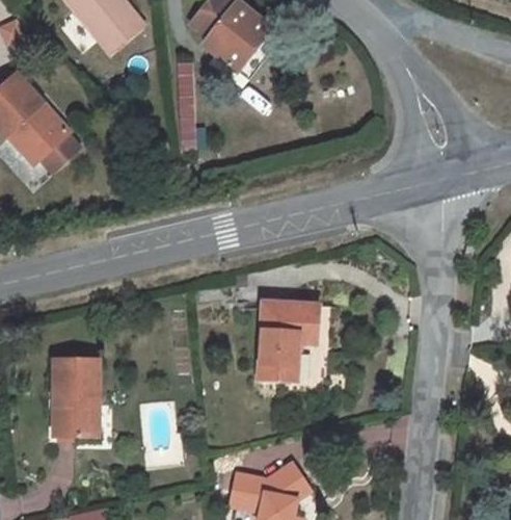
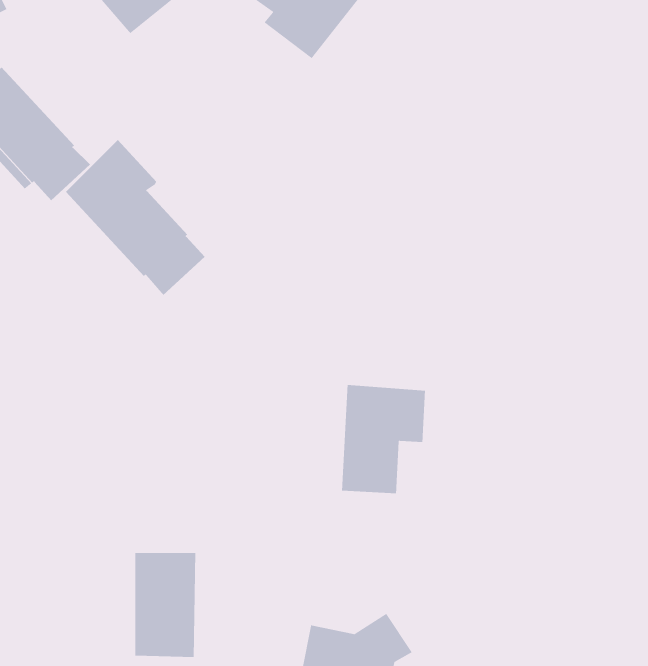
building: none -> [65,139,205,296]
building: [55,361,99,436] -> [135,552,196,658]

